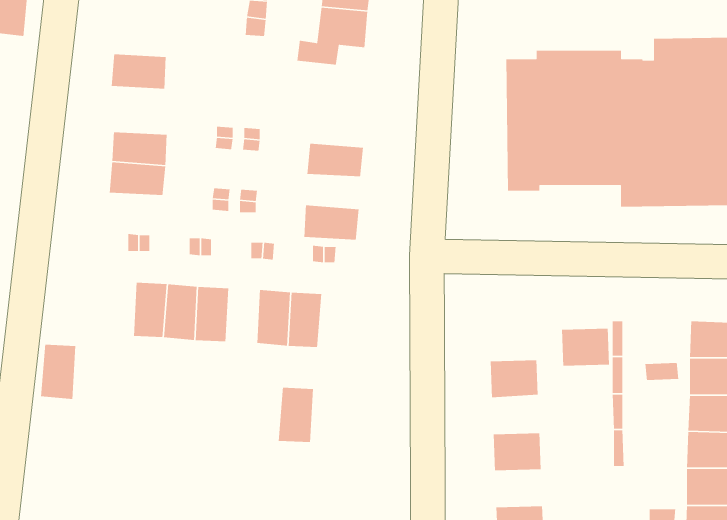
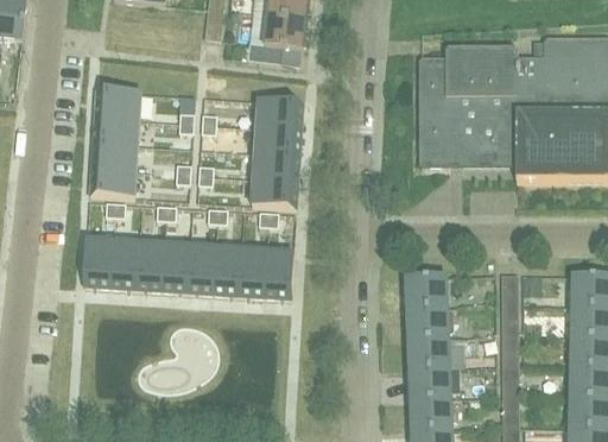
building: [111,54,167,89] -> [94,87,140,116]
building: none -> [256,97,303,127]
building: none -> [253,150,299,178]
building: none -> [89,165,135,195]
building: none -> [188,244,215,290]
building: [561,328,610,367] -> [405,272,445,304]
building: [40,344,76,400] -> [83,238,113,284]
building: [278,387,314,443] -> [264,248,293,295]
building: none -> [407,333,448,365]
building: none -> [410,394,450,425]

